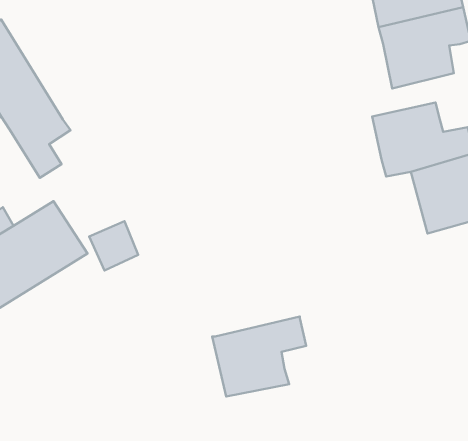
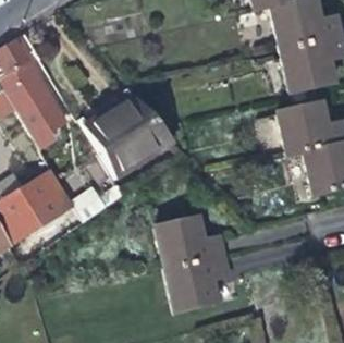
building: none -> [75,87,173,180]
building: none -> [152,212,224,265]

